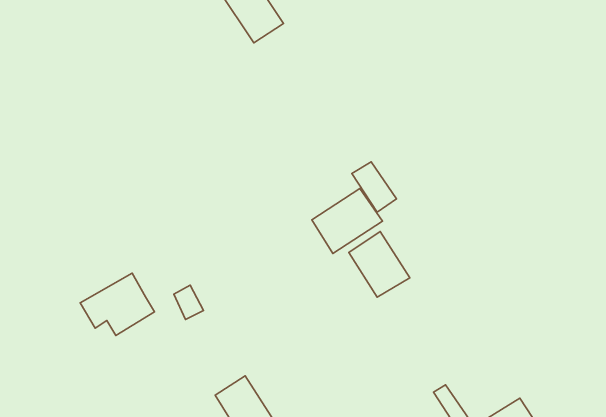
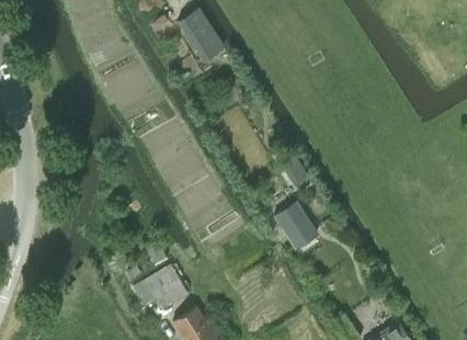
building: [312,189,383,253] -> none
building: [80,273,154,335] -> [133,264,187,310]

